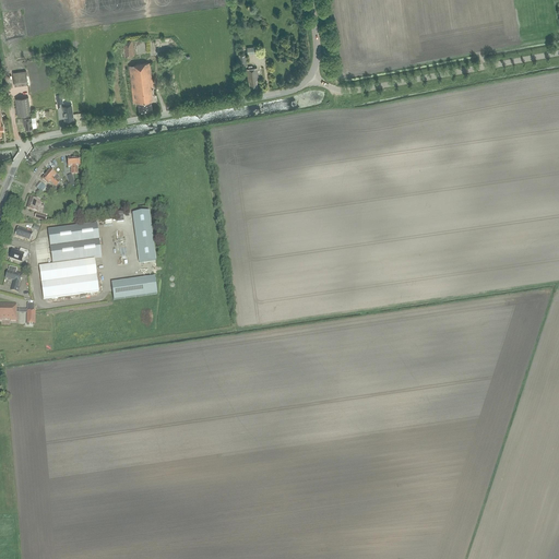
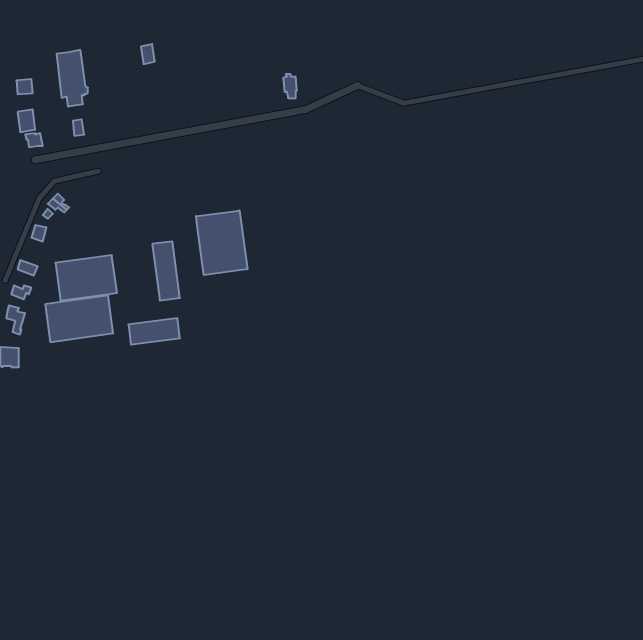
building: [129,60,156,109] -> [57,50,88,107]
building: none -> [196,210,247,275]

